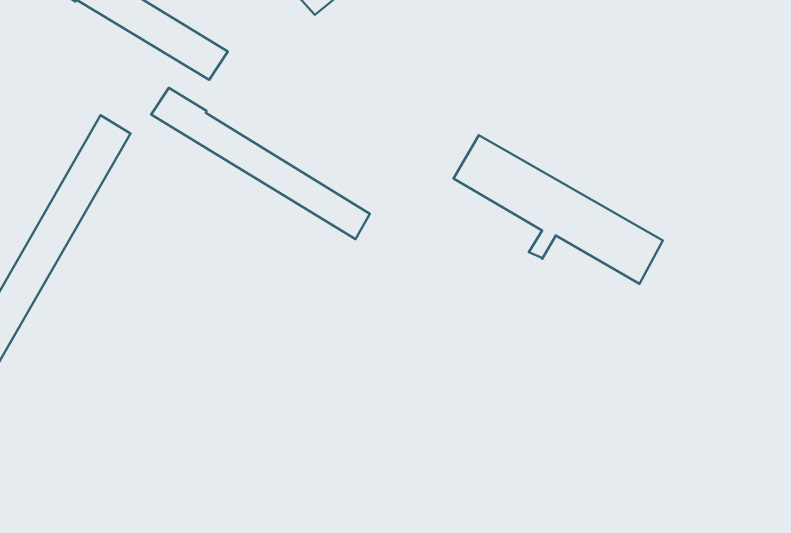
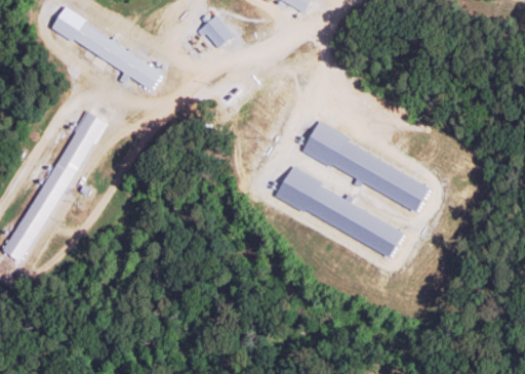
building: [151,88,370,239] -> none
building: none -> [276,167,405,255]

